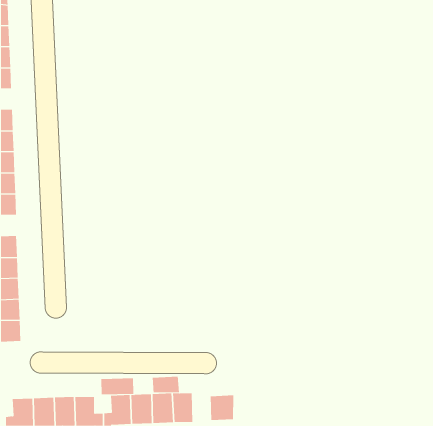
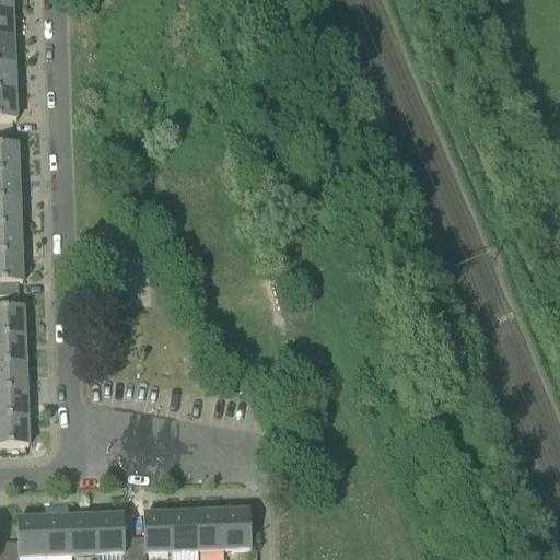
building: [152,376,180,393] -> none
building: [101,377,134,395] -> none
building: [210,395,234,421] -> none

